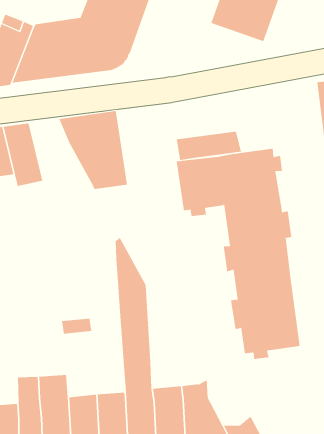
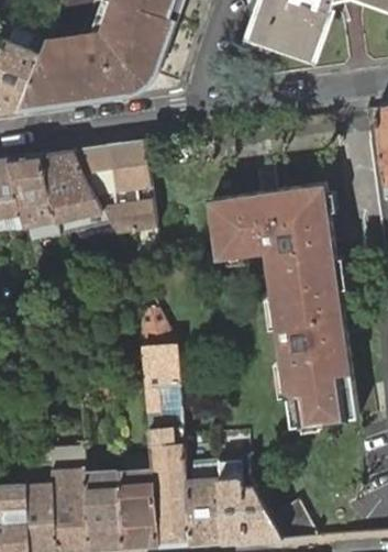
building: none -> [38,151,110,236]
building: [176,131,241,161] -> none

